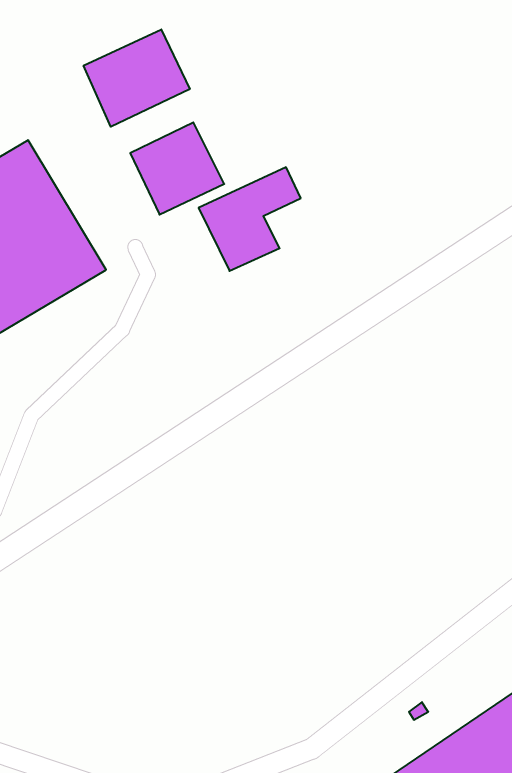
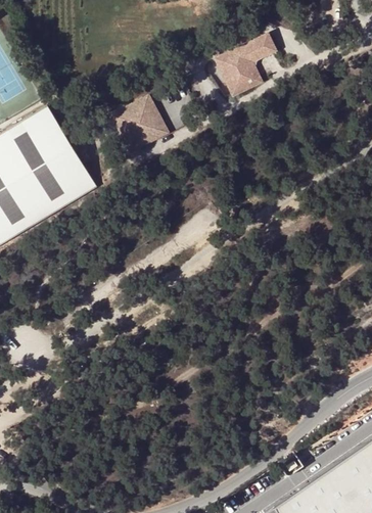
building: [84,29,190,127] -> none
building: [199,167,301,271] -> [213,33,277,98]

